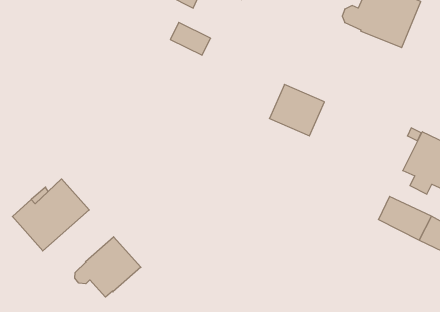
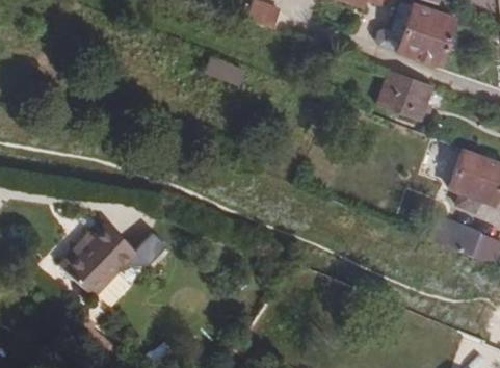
building: [269,84,324,136] -> [379,71,433,121]
building: [75,237,141,297] -> none

